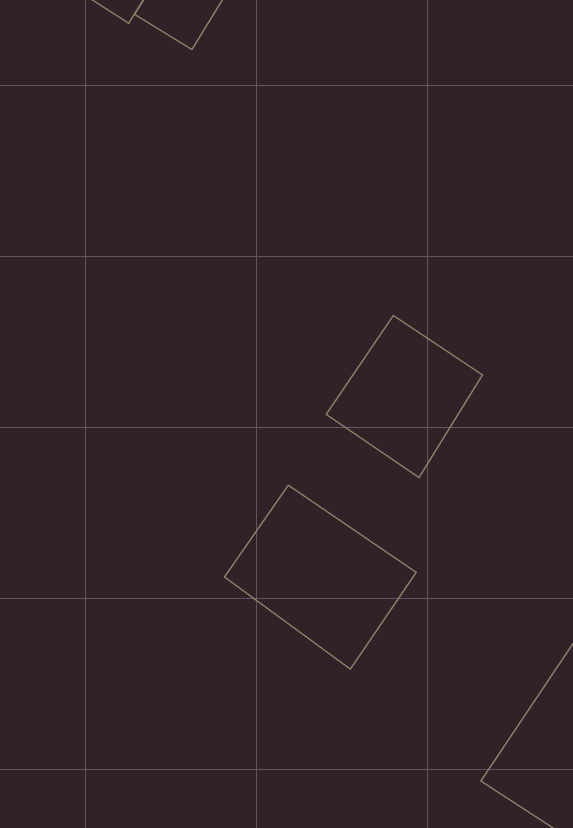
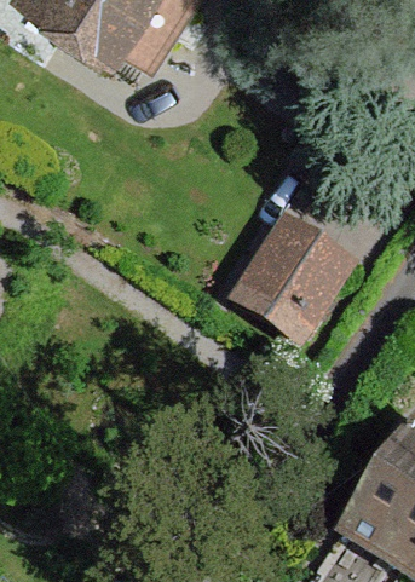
building: [225,485,416,669] -> none

